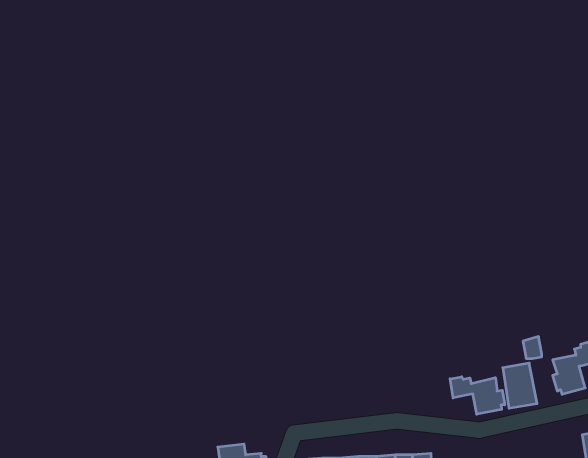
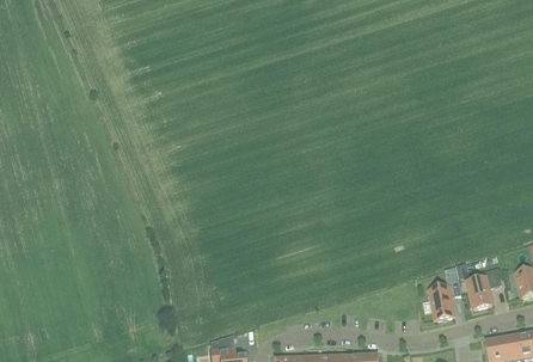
building: [450,377,505,414] -> none

